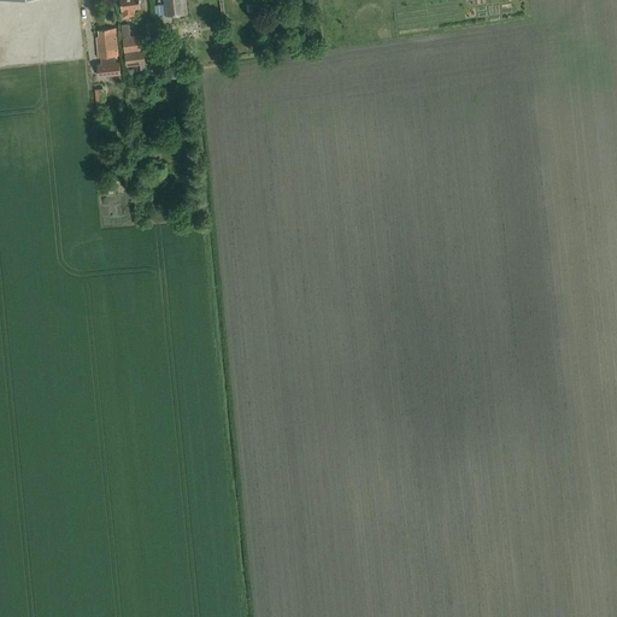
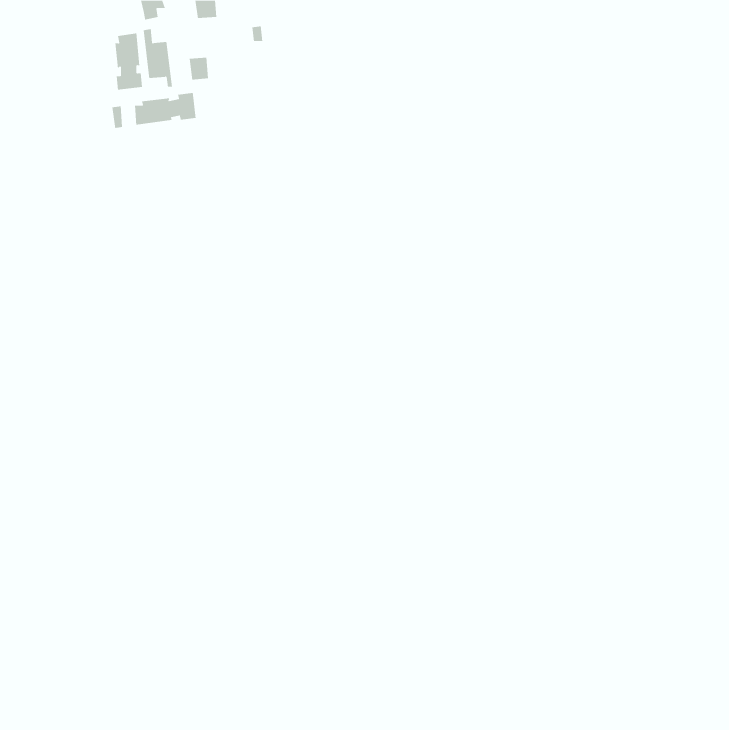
building: none -> [134,92,196,126]

